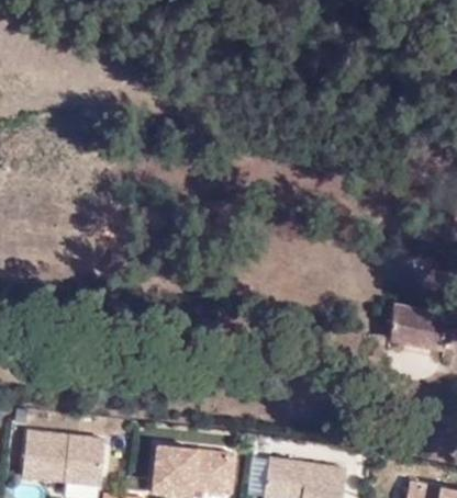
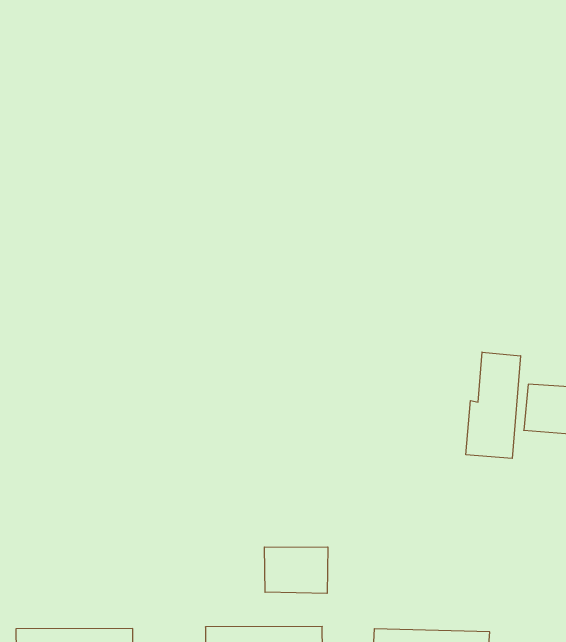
building: none -> [466,352,521,458]
building: none -> [264,547,328,593]

